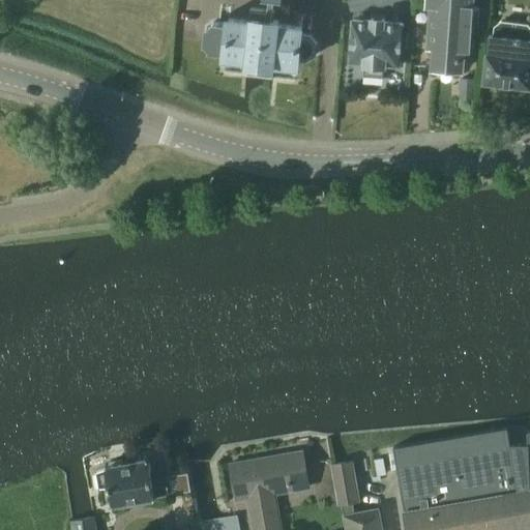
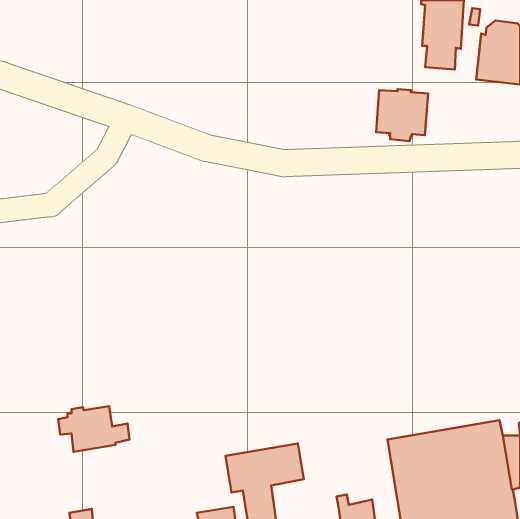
building: [204,9,317,81] -> none
building: [349,21,402,73] -> [376,89,428,141]
building: [96,461,169,507] -> [58,406,130,452]
building: [331,463,359,506] -> none

